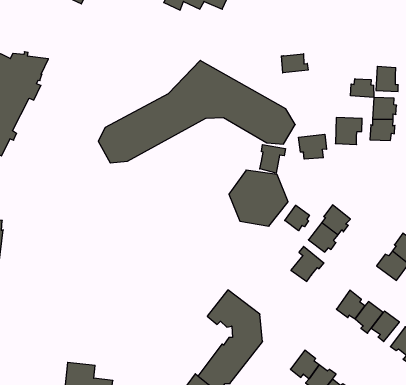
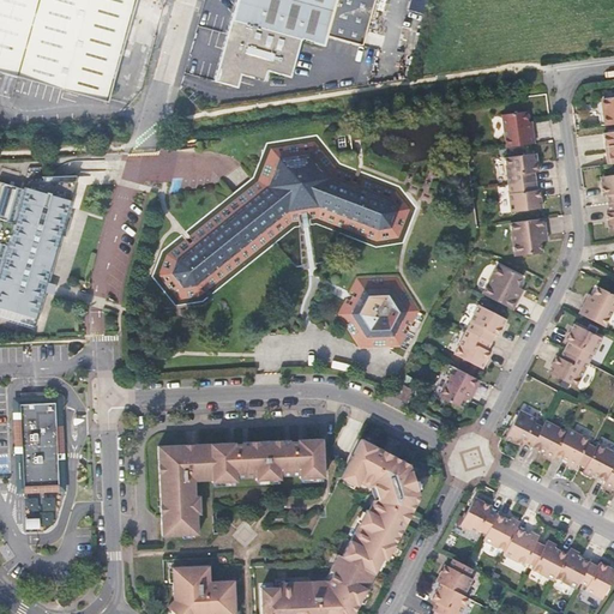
building: [281,54,308,73] -> none
building: [351,79,374,97] -> none
building: [335,118,362,145] -> [511,218,547,257]
building: [299,134,327,159] -> none
building: [260,145,285,173] -> none
building: none -> [482,263,522,309]
building: [285,205,309,231] -> none
building: none -> [158,438,325,536]

